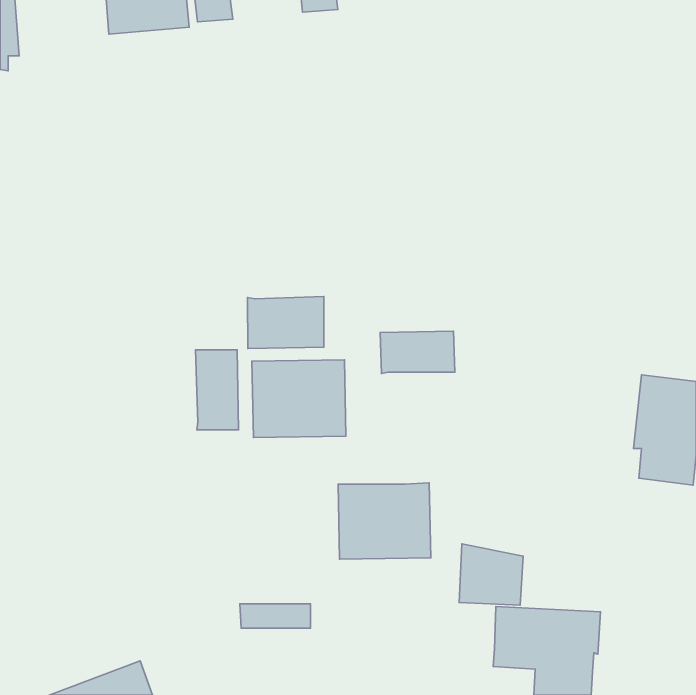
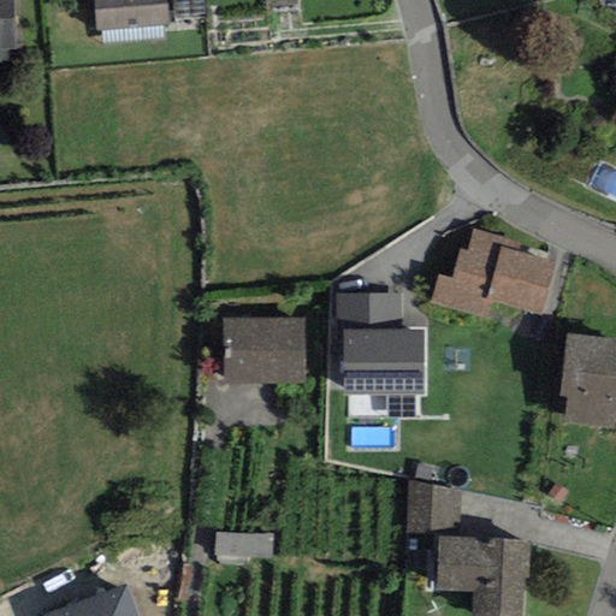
building: none -> [428,229,555,316]
building: [248,296,324,348] -> none
building: [196,350,238,430] -> none
building: [338,483,431,559] -> [343,327,425,395]

